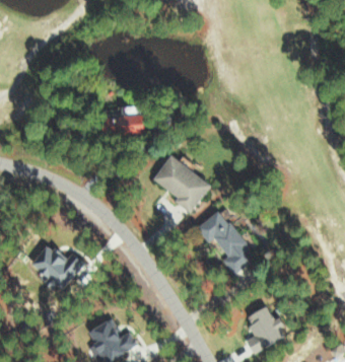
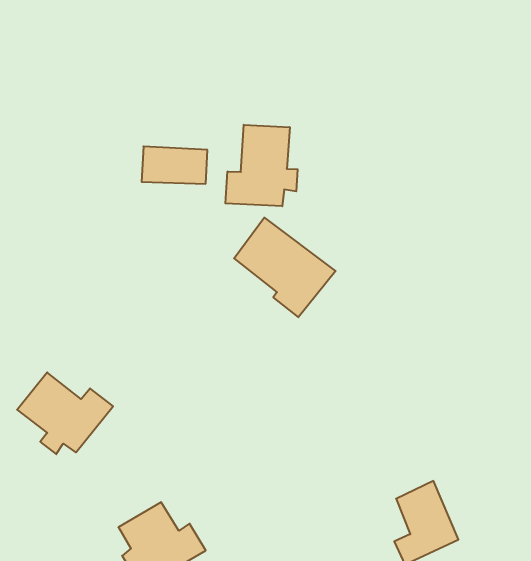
building: none -> [225,125,298,206]
building: [197,209,256,274] -> none

